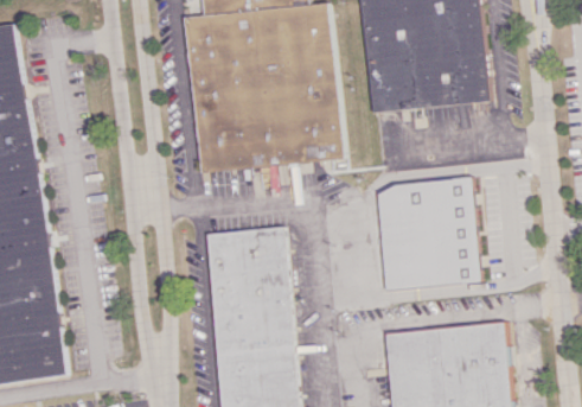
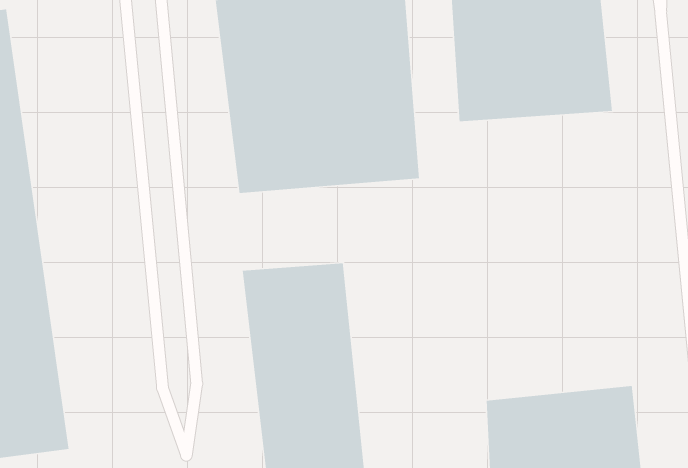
building: [376,178,484,288] -> none

